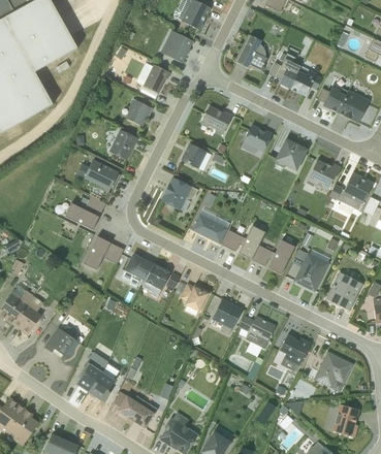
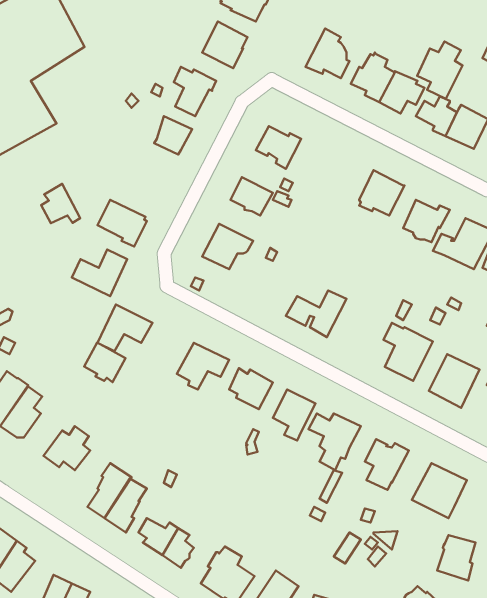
building: none -> [417,42,462,99]
building: [243,124,273,152] -> none
building: [108,129,138,160] -> none
building: none -> [41,184,80,223]
building: [191,208,230,244] -> none
building: [251,239,294,273] -> none
building: [124,252,154,281] -> [84,343,125,382]

